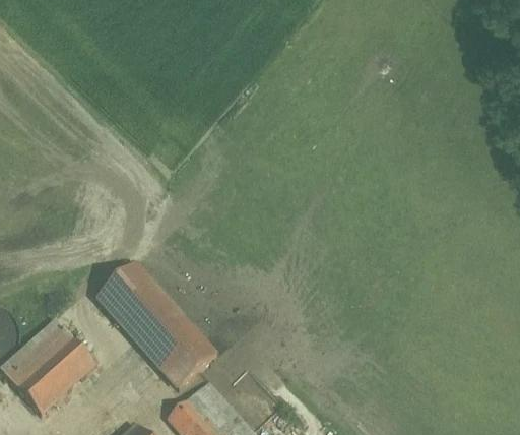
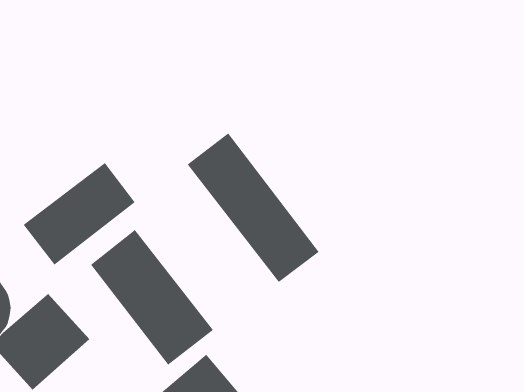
building: none -> [187,133,320,283]
building: none -> [23,162,135,265]

